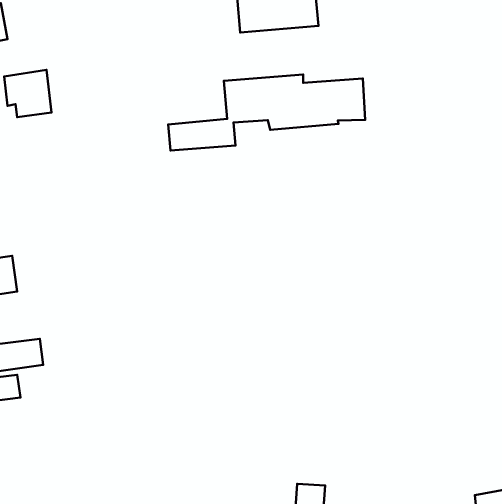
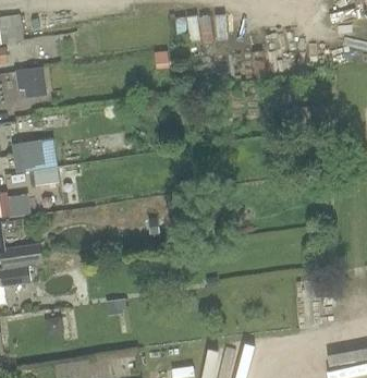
building: [168,74,365,151] -> none
building: none -> [19,138,59,172]

